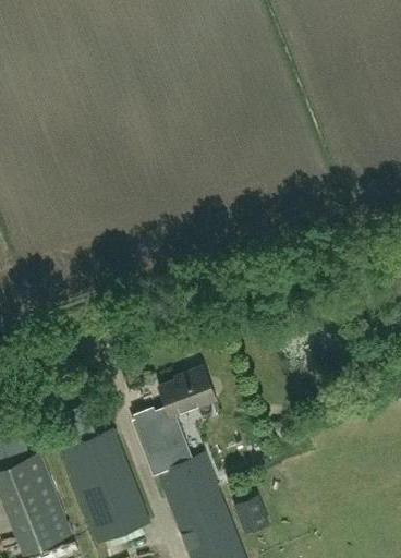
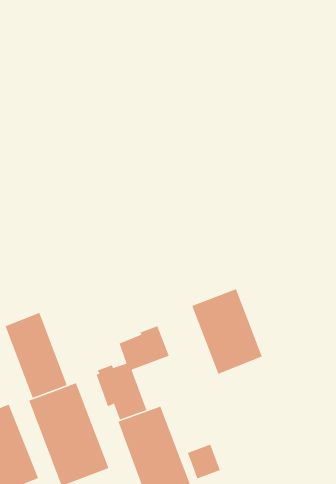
building: none -> [191,288,263,375]
building: none -> [5,312,68,399]

